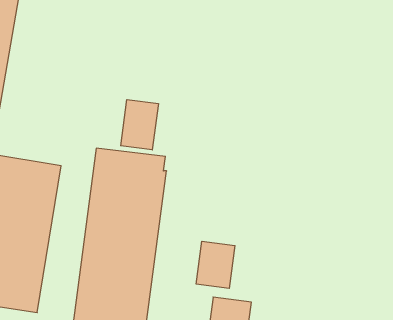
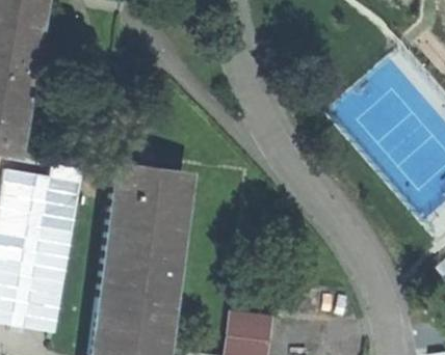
building: [121,100,158,150] -> none
building: [196,241,235,288] -> none

